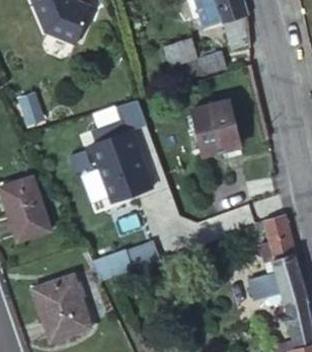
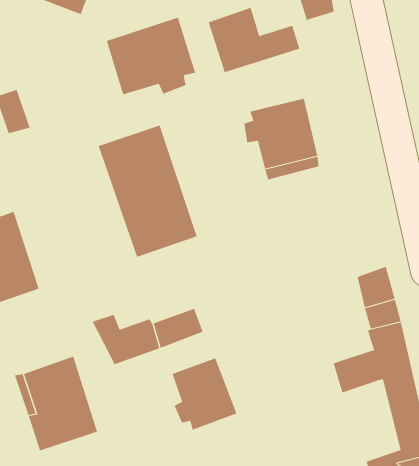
building: none -> [106,17,196,95]
building: none -> [172,357,237,431]

